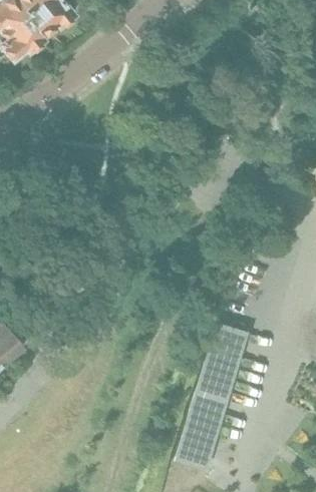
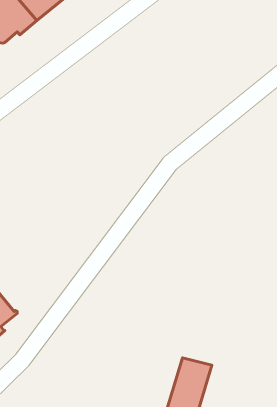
building: [197,324,248,401] -> none

